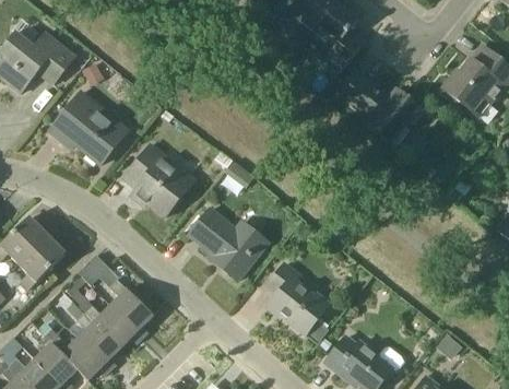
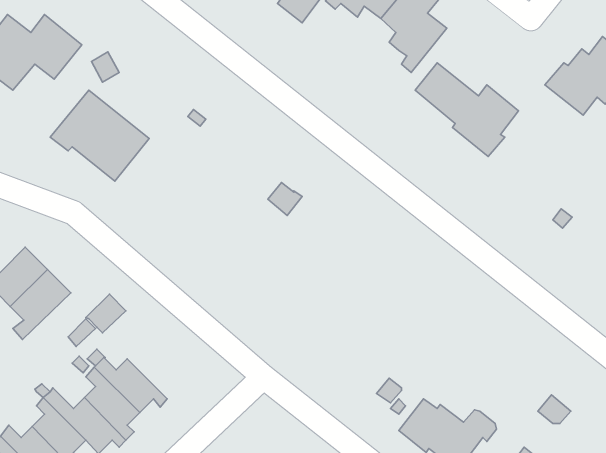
building: [123,144,193,215] -> none
building: [189,208,267,280] -> none
building: [267,262,327,333] -> none
building: [109,279,153,337] -> none

